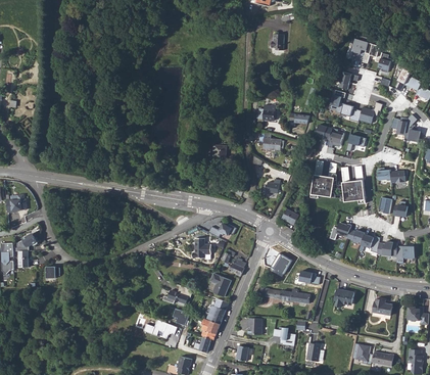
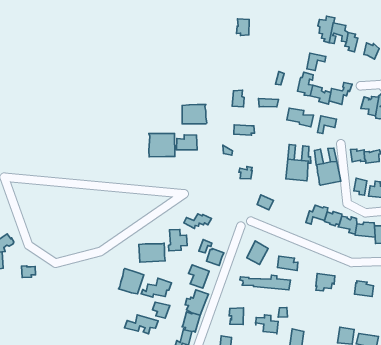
building: none -> [182,105,207,124]
building: none -> [149,133,175,157]
building: none -> [139,243,165,262]
building: none -> [118,269,144,294]

